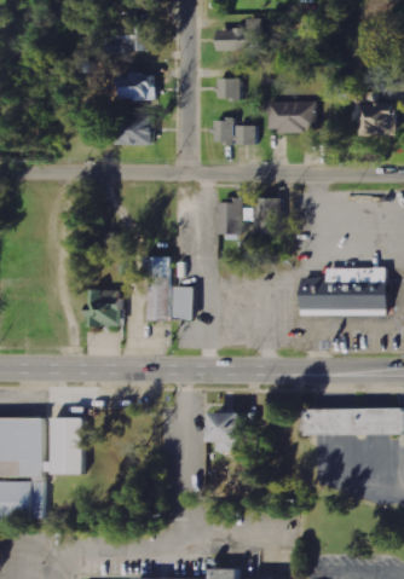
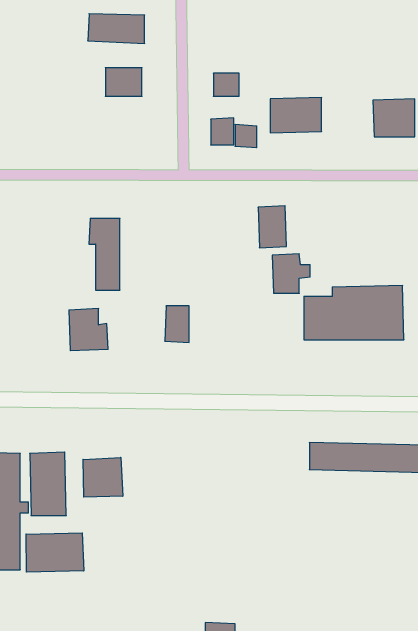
building: [217,18,264,50] -> none
building: [120,115,154,145] -> none
building: [219,198,253,233] -> [272,254,310,293]
building: [142,256,169,320] -> [89,218,120,290]
building: [210,411,246,452] -> none
building: none -> [83,457,123,497]
building: none -> [26,533,84,572]

